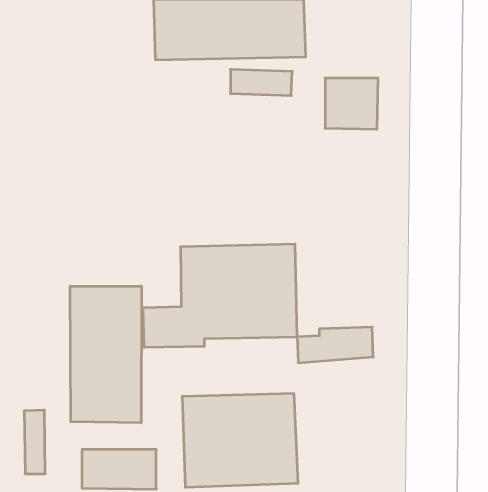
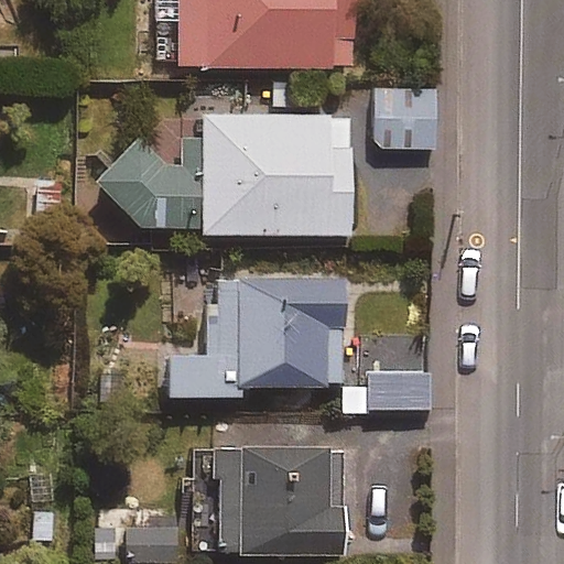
building: none -> [93,116,351,236]
building: [70,286,141,423] -> none

